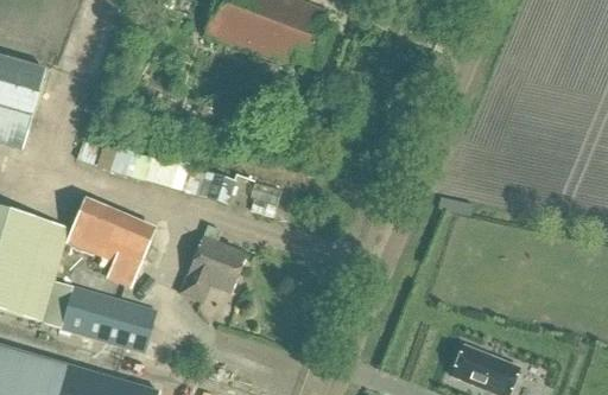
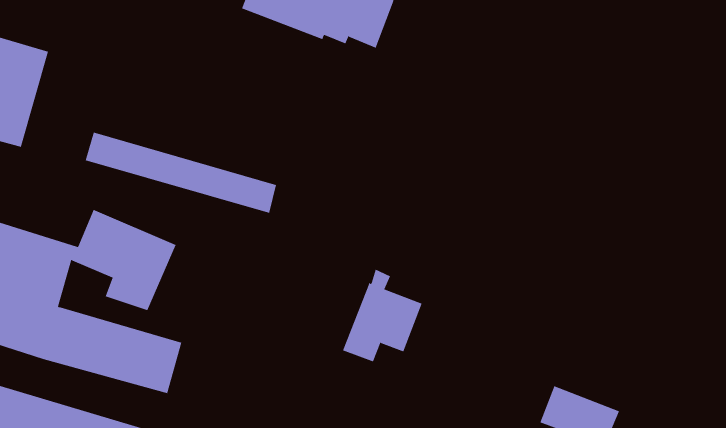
building: [179,223,246,300] -> [342,269,422,362]

